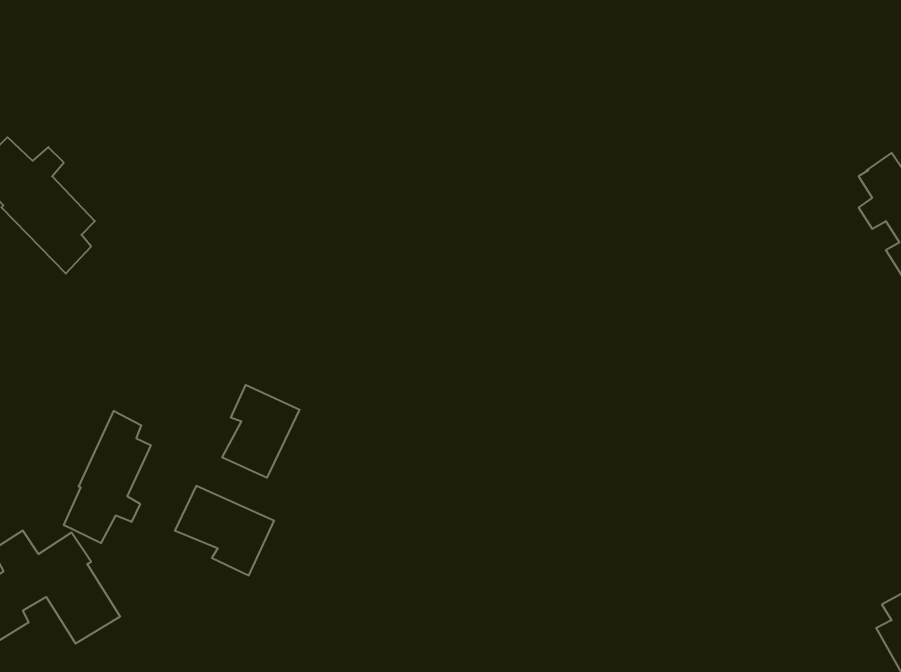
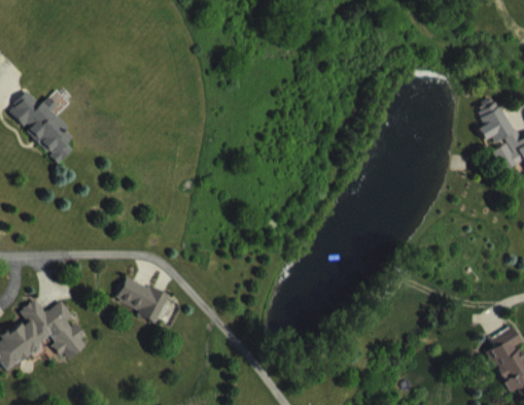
building: [222,385,300,478] -> none
building: [64,411,151,543] -> none

